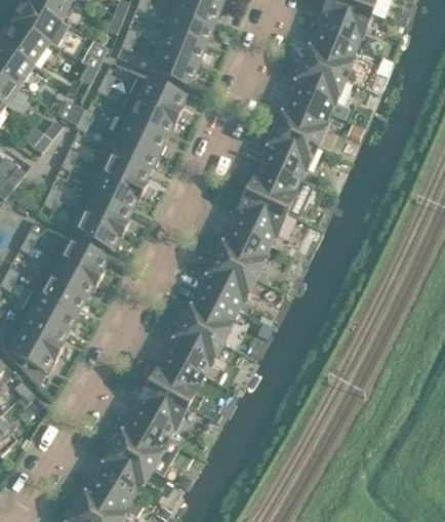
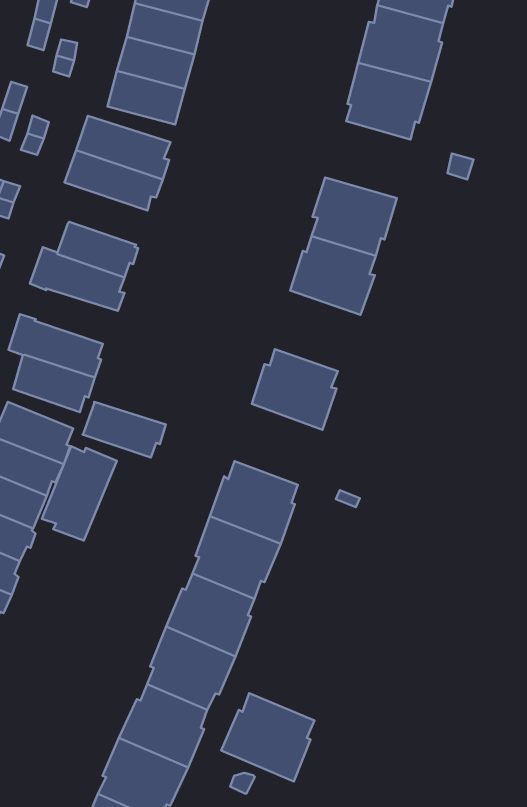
building: [274,97,327,147] -> none
building: [110,114,166,156] -> none
building: [91,175,141,212] -> [82,402,166,457]
building: [232,194,285,245] -> none
building: [200,258,254,310] -> none
building: none -> [42,446,117,541]
building: none -> [221,693,315,782]

